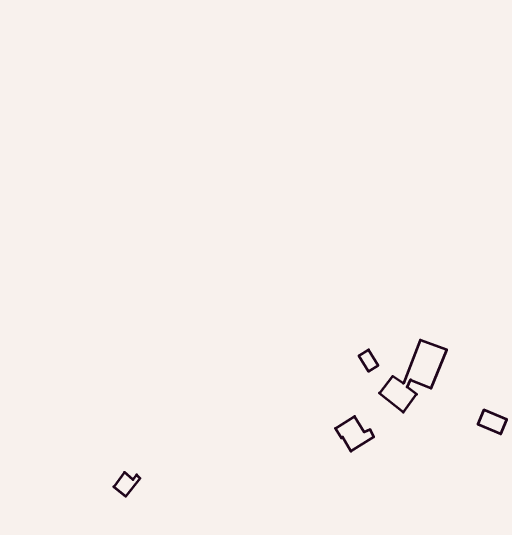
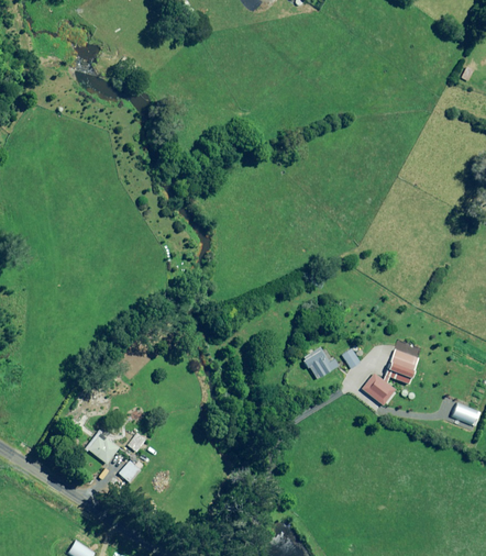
building: [335,416,374,451] -> [303,347,339,379]
building: none -> [86,432,119,464]

